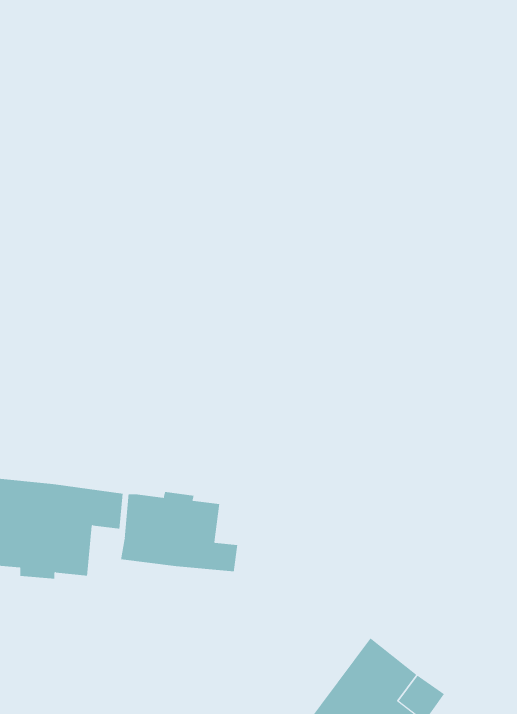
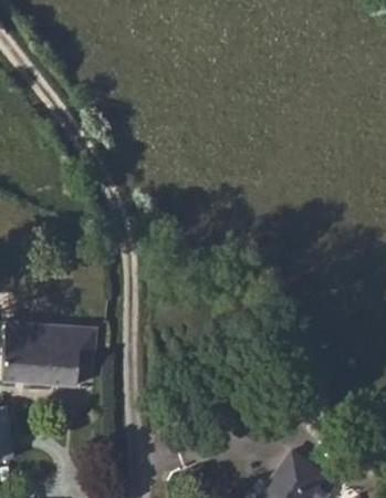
building: [121,491,238,572] -> none

